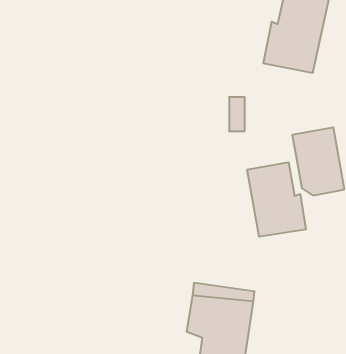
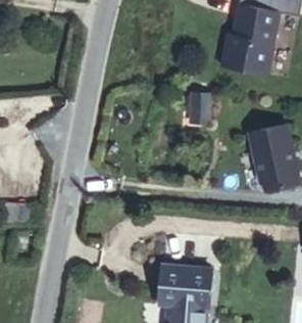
building: [247,162,306,237] -> none

